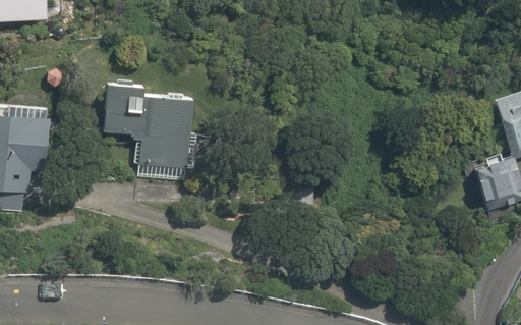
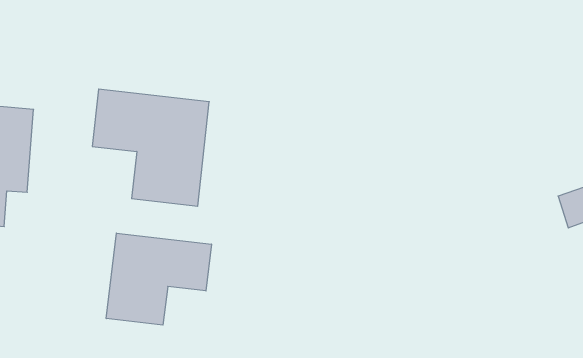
building: none -> [106,233,211,325]

